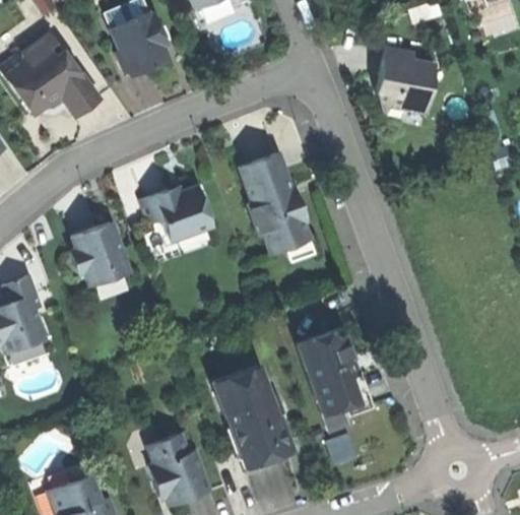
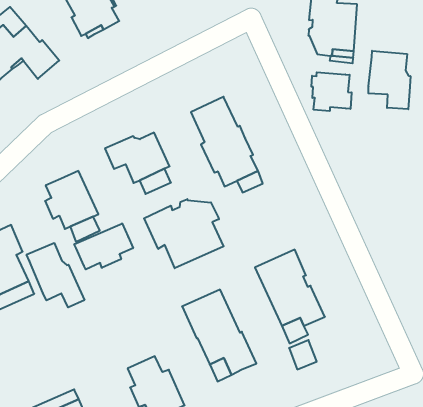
building: none -> [368,51,410,109]
building: none -> [311,72,352,111]
building: none -> [144,199,224,268]
building: none -> [74,223,133,269]
building: none -> [27,243,84,307]

